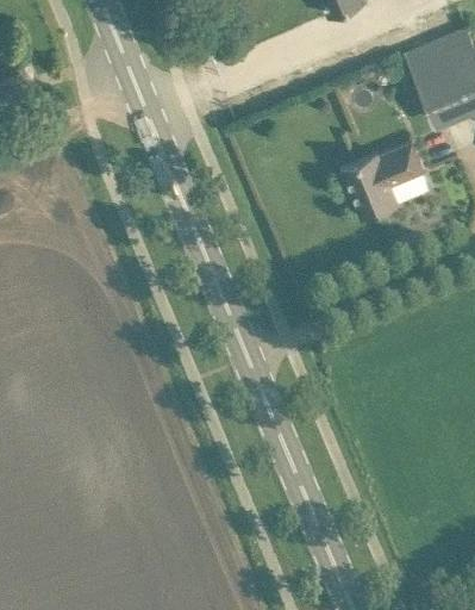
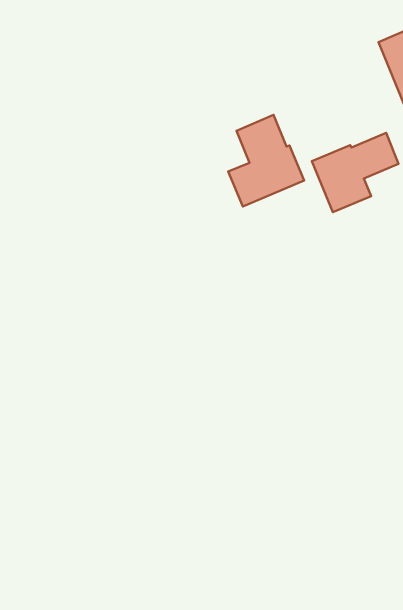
building: none -> [228,115,304,206]

